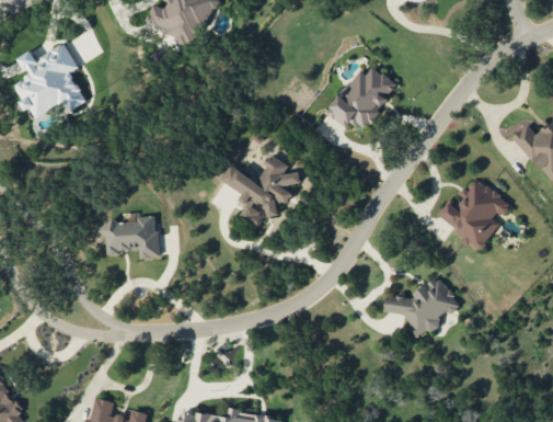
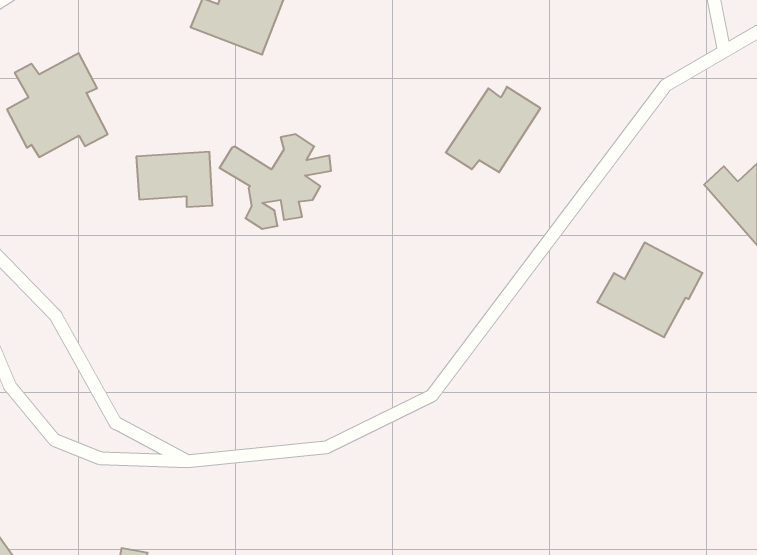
building: [220,156,300,224] -> [219,134,331,229]
building: [103,218,158,258] -> [136,152,213,207]
building: [384,280,457,334] -> none

